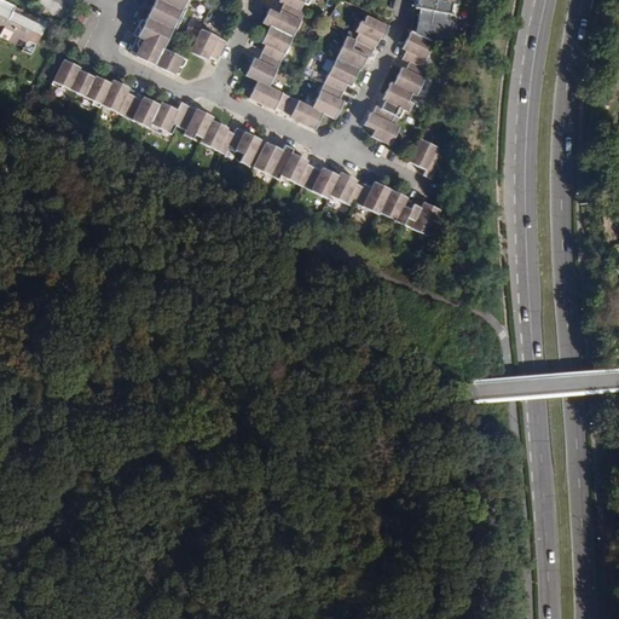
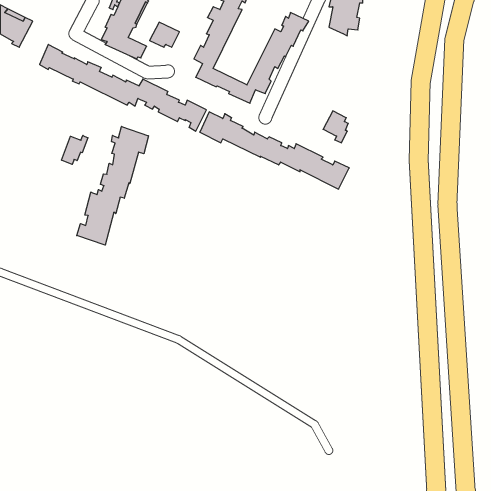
building: [364,31,433,145] -> none
building: none -> [77,126,148,245]
building: none -> [62,135,88,164]

